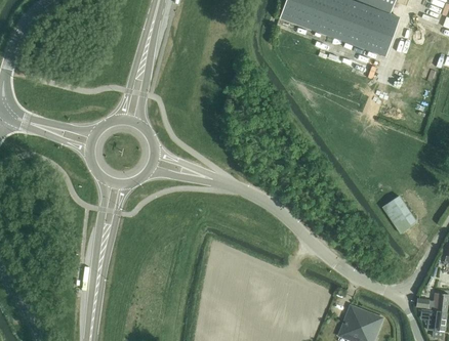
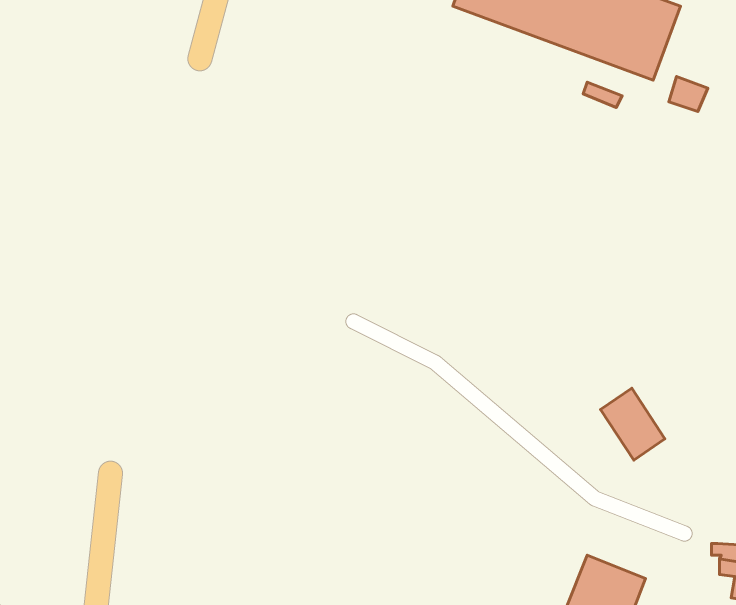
building: [382,195,416,232] -> [601,388,665,460]

